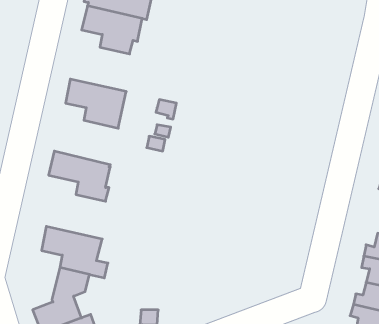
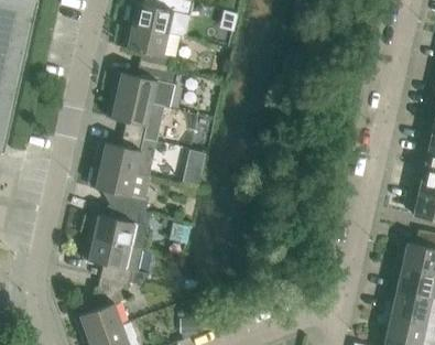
building: none -> [110,65,177,109]
building: none -> [95,136,156,179]
building: none -> [87,207,145,250]

